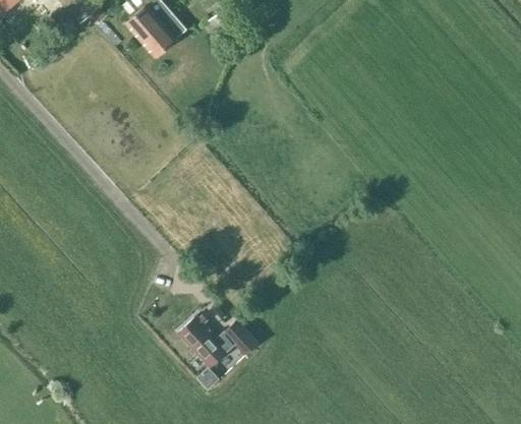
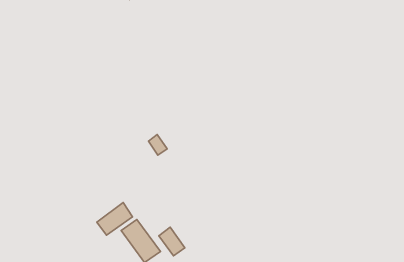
building: none -> [97,203,133,235]

